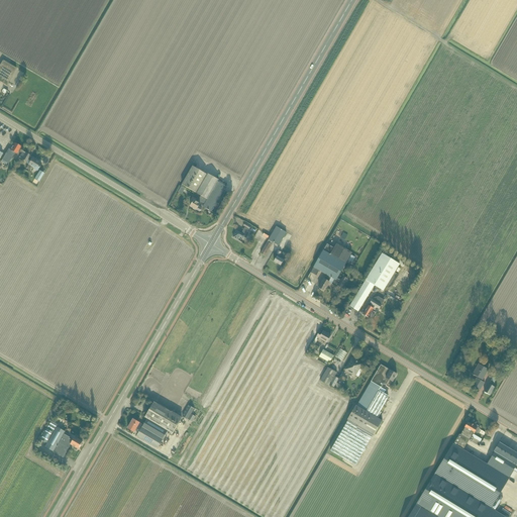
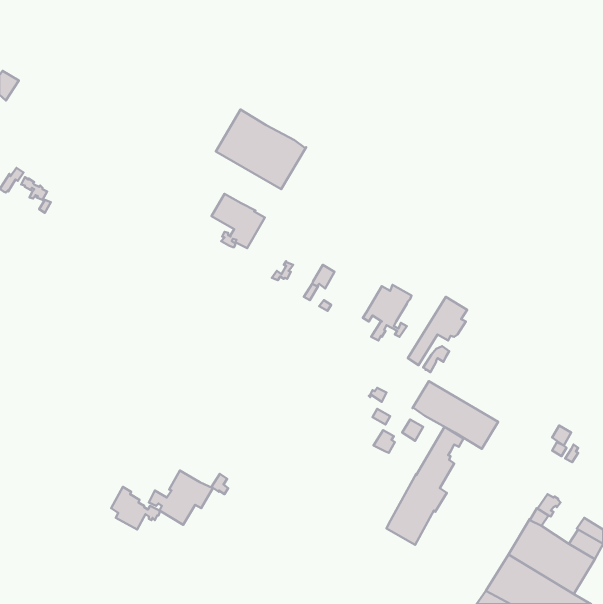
building: none -> [216,109,306,189]
building: none -> [412,381,498,449]
building: [40,421,82,457] -> [111,487,160,530]

